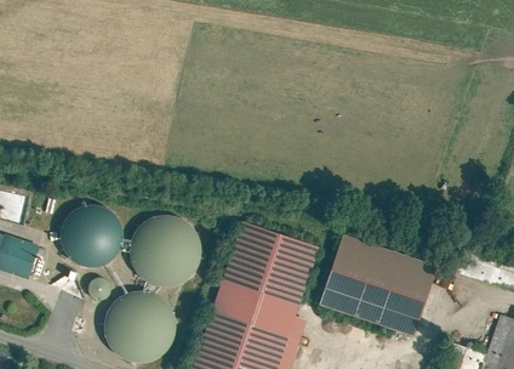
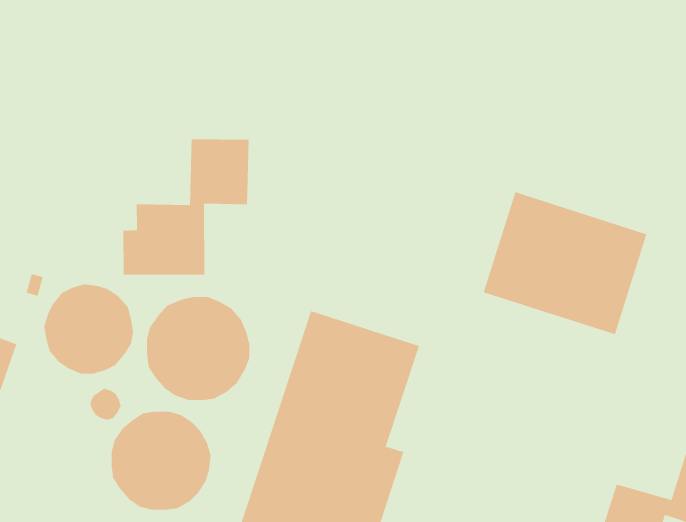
building: none -> [123,138,249,275]
building: [319,235,432,334] -> [483,192,647,335]

